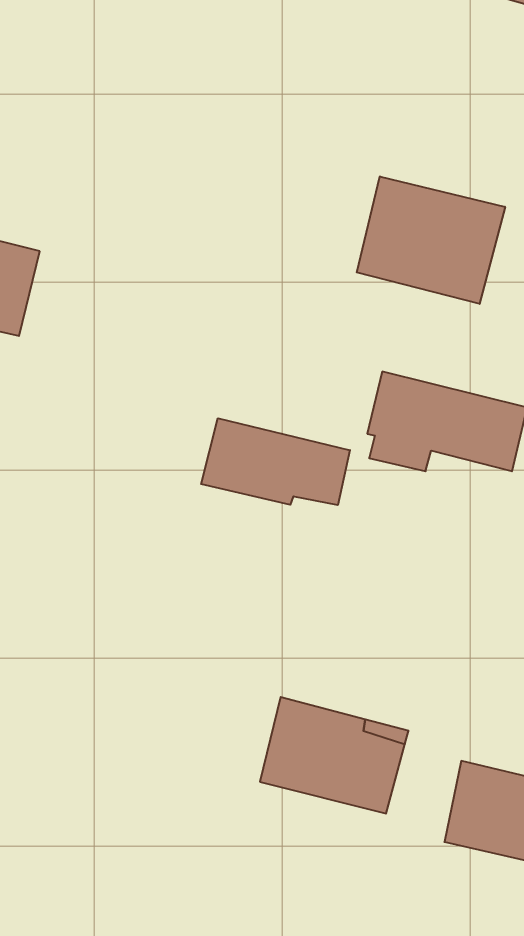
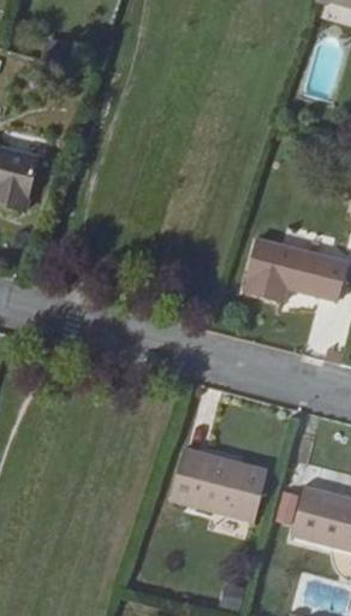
building: [357,176,505,304] -> none
building: [201,418,350,505] -> none

